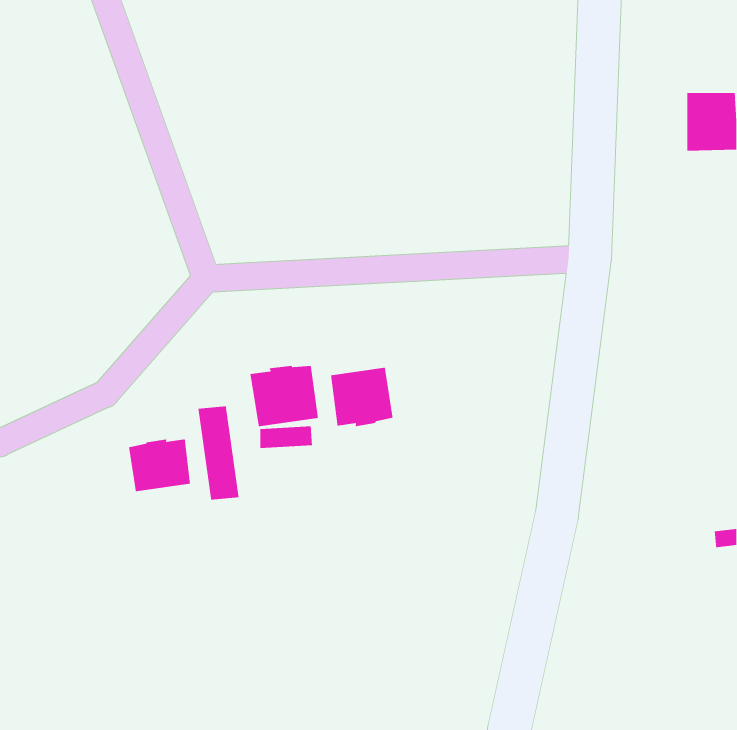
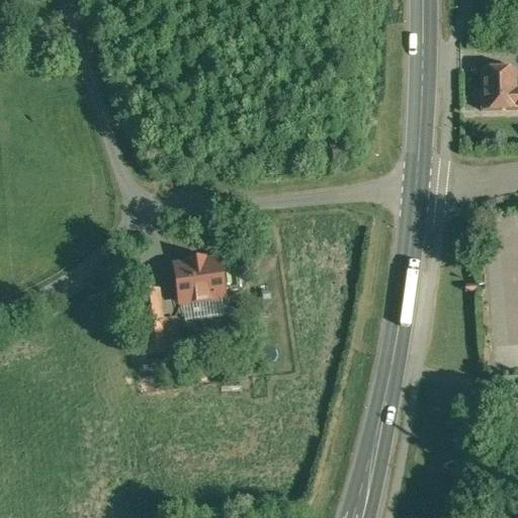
building: [330,367,393,427] -> none
building: [128,438,191,492] -> none

